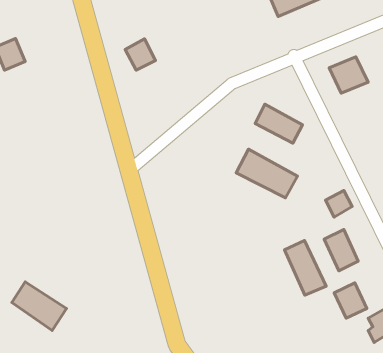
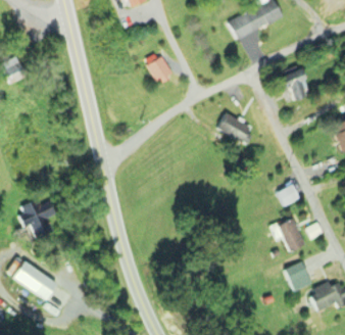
building: [125,39,156,70] -> [147,55,173,82]
building: [236,149,298,198] -> none
building: none -> [21,199,52,236]
building: [285,241,326,295] -> none

